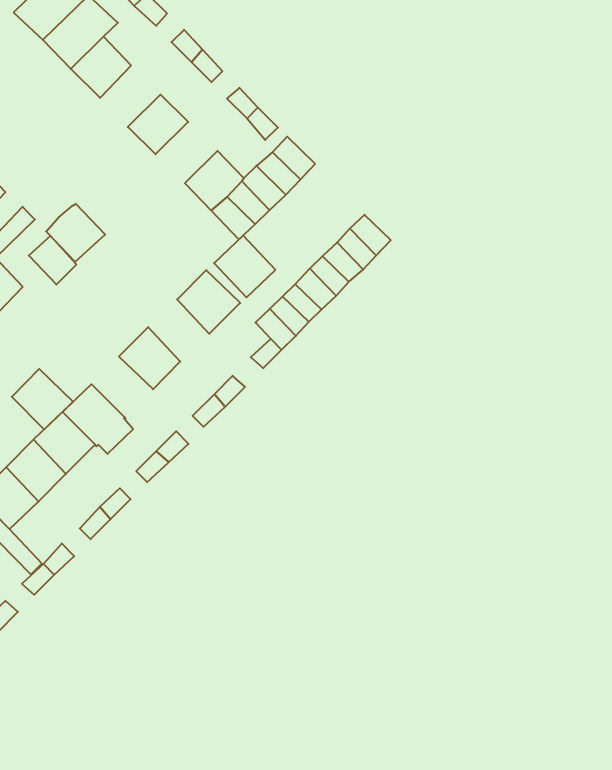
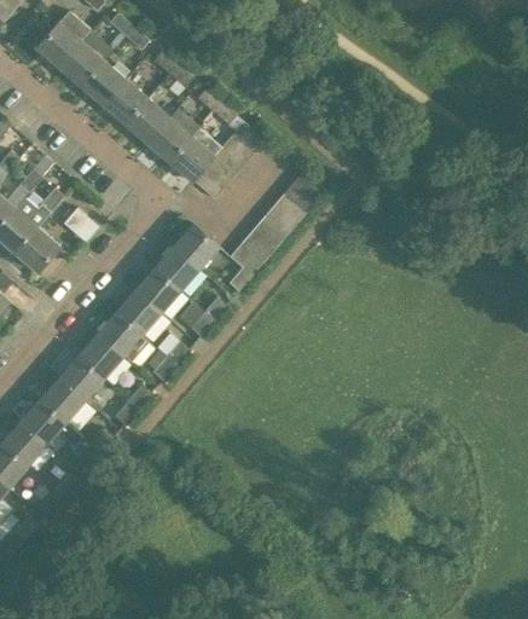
building: none -> [104,80,147,125]
building: none -> [147,109,199,162]
building: [46,204,105,262] -> none
building: [214,235,275,297] -> [152,247,197,291]
building: [12,369,73,429] -> [115,291,159,335]

